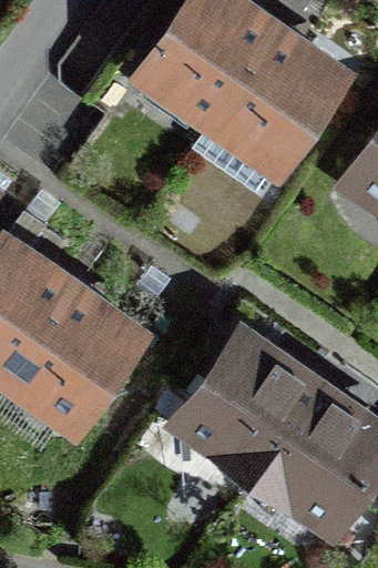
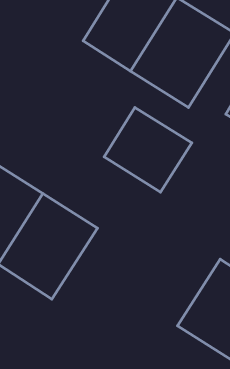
building: none -> [104,108,192,192]
building: [171,335,317,484] -> none

